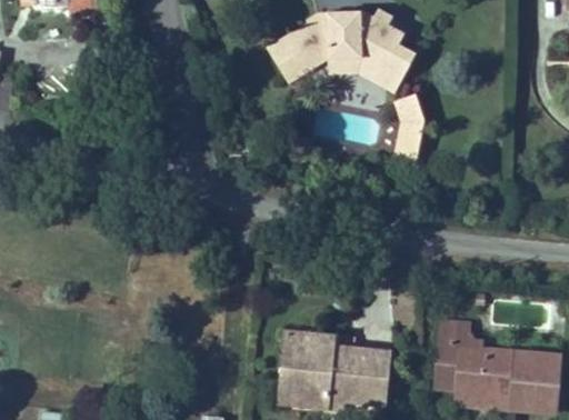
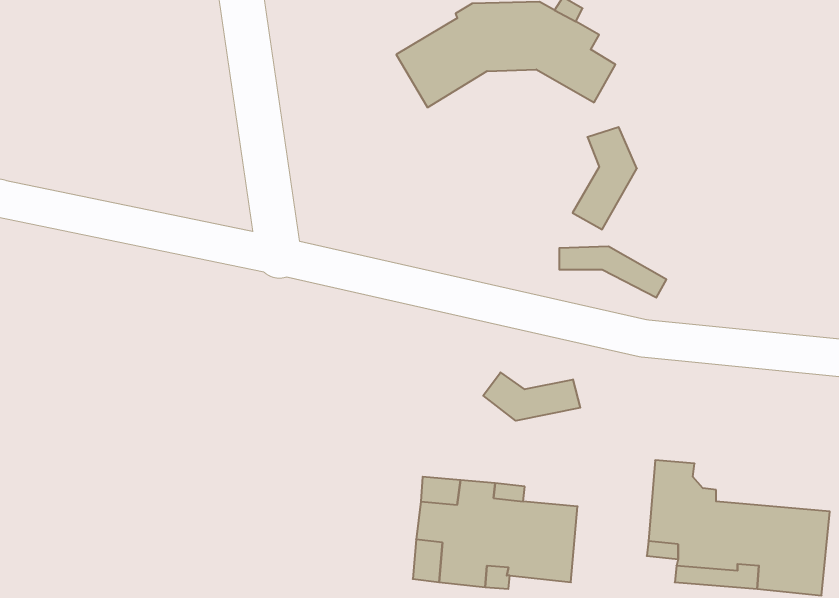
building: [329,57,401,91] -> [559,246,666,298]
building: none -> [483,372,580,421]

